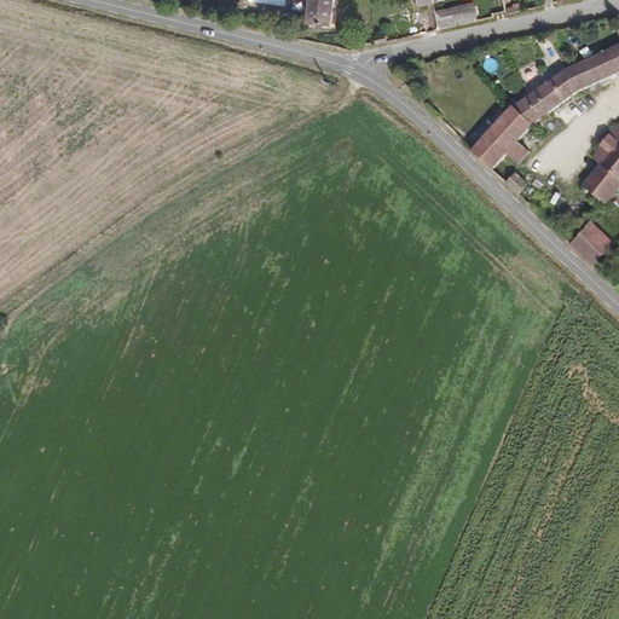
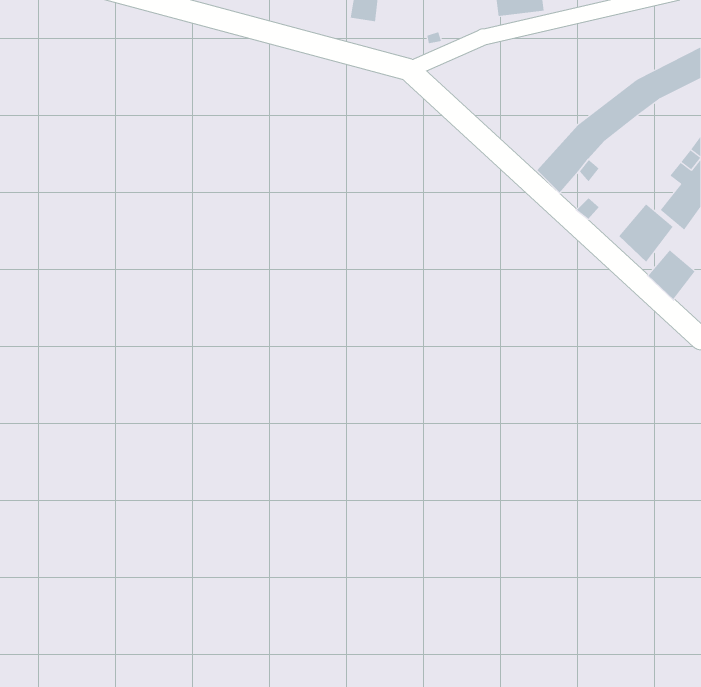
building: none -> [618,203,673,262]

